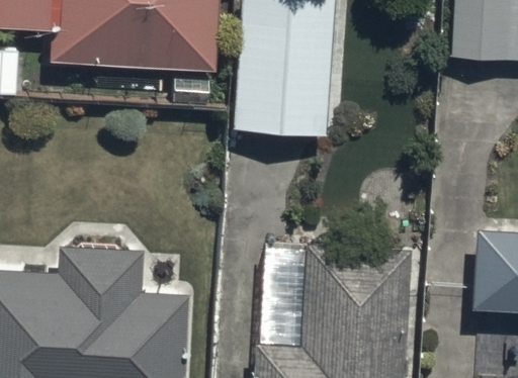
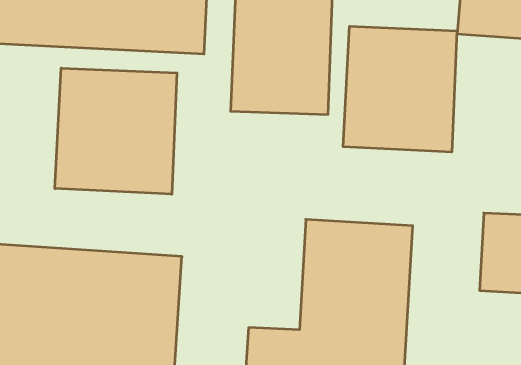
building: none -> [343,26,457,152]
building: none -> [55,68,177,194]

